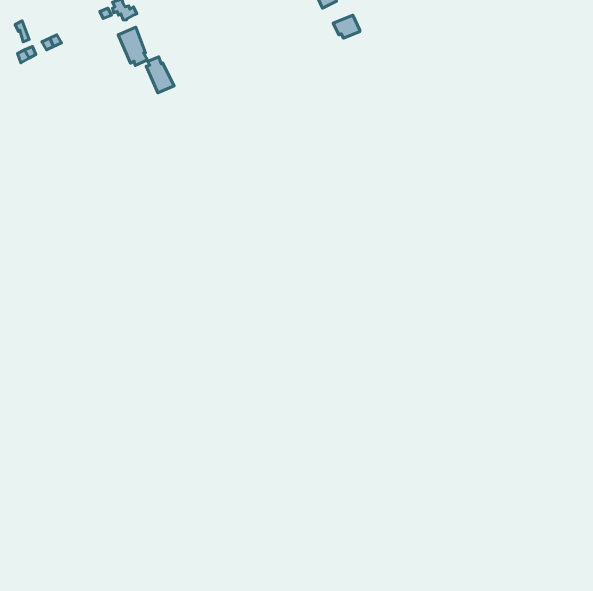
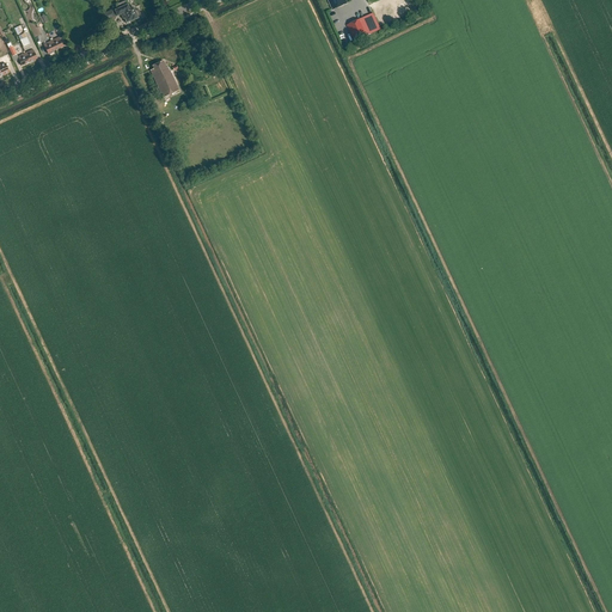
building: [118,27,147,66] -> none

